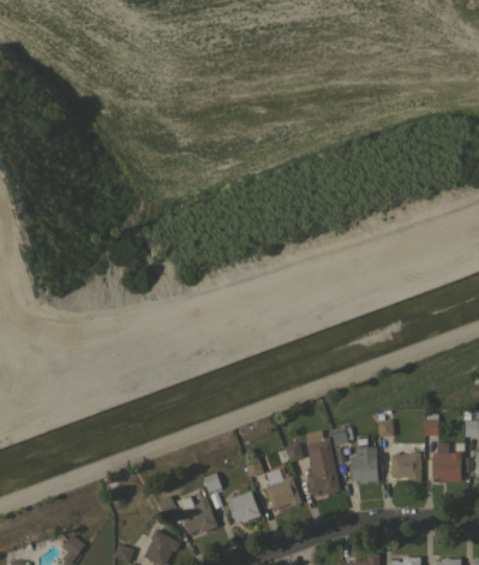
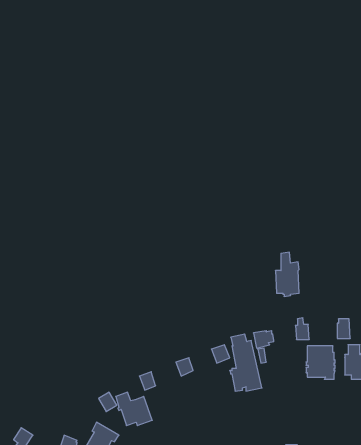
building: [351,436,377,486] -> [275,252,299,296]
building: [265,477,301,511] -> none
building: [227,492,261,524] -> none

